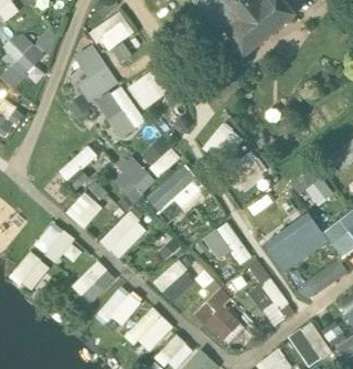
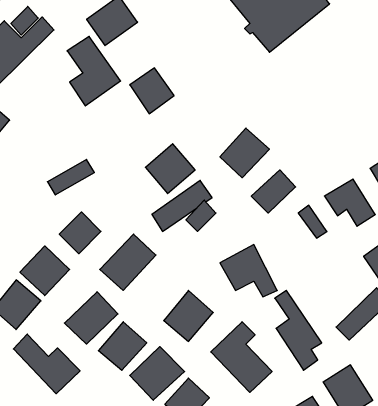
building: [93,83,146,139] -> none
building: [111,157,156,201] -> none
building: [261,212,328,270] -> none
building: none -> [13,334,80,394]

